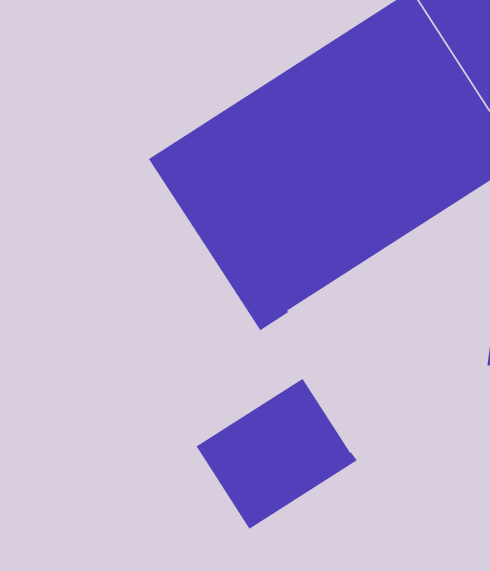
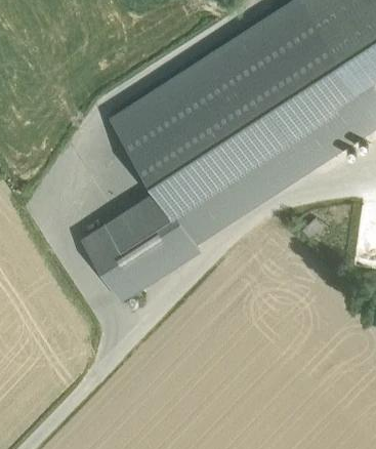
building: [196,378,358,530] -> [83,190,198,297]

